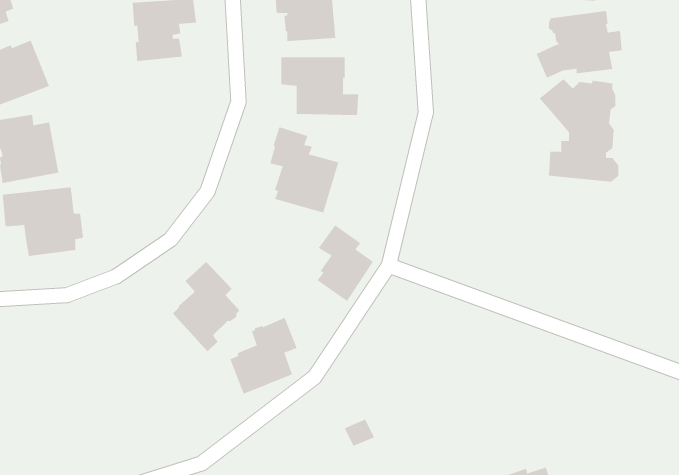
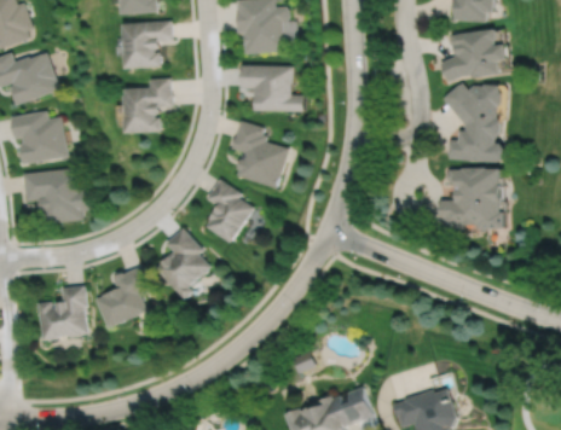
building: none -> [125,79,174,135]
building: none -> [439,169,504,227]
building: [316,225,374,302] -> [206,180,250,240]
building: [229,317,297,395] -> [96,265,149,325]
building: none -> [37,284,86,338]

